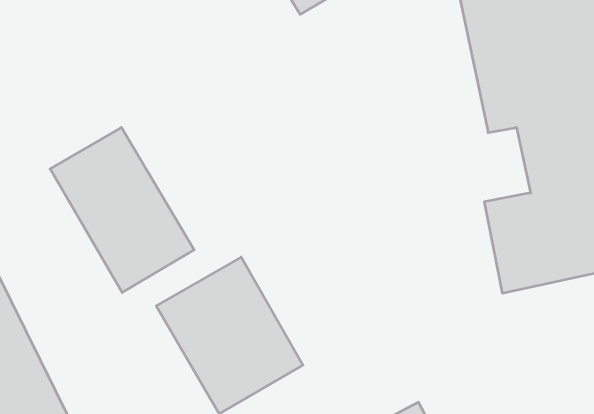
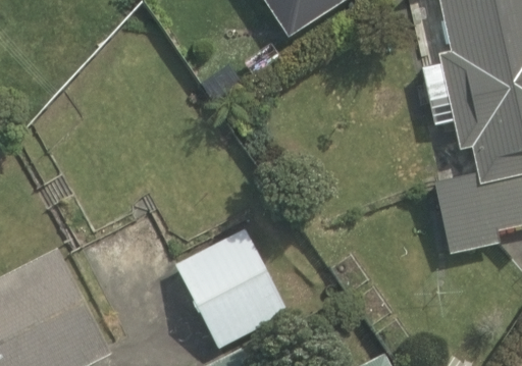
building: [50,127,194,293] -> none

